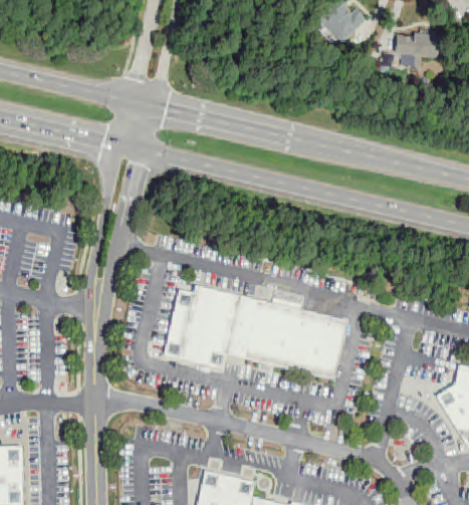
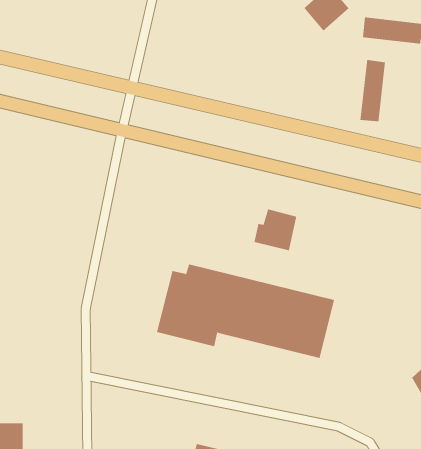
building: none -> [360,59,386,122]
building: none -> [254,209,297,251]

